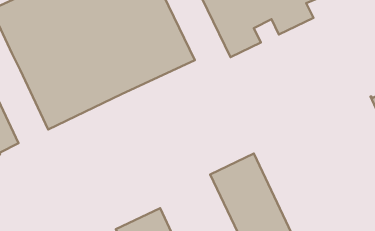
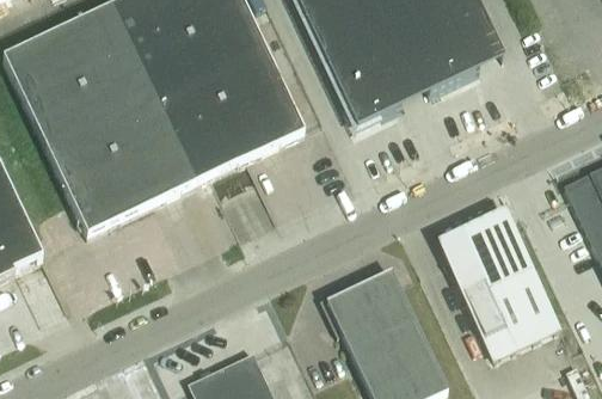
building: none -> [441,215,559,358]

